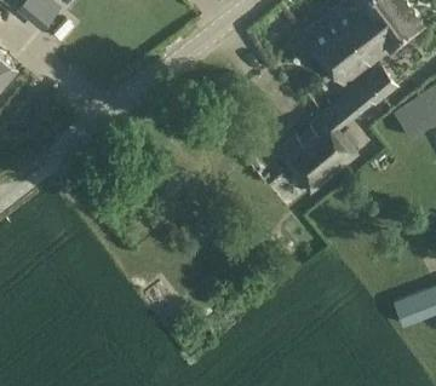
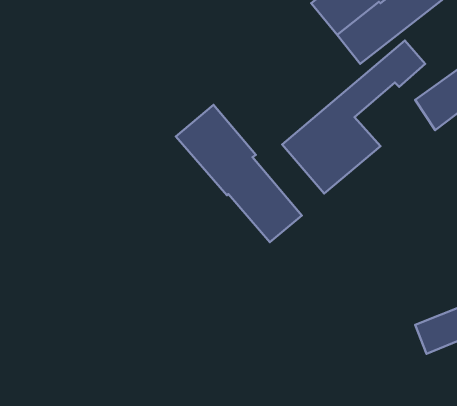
building: none -> [176,105,302,242]

